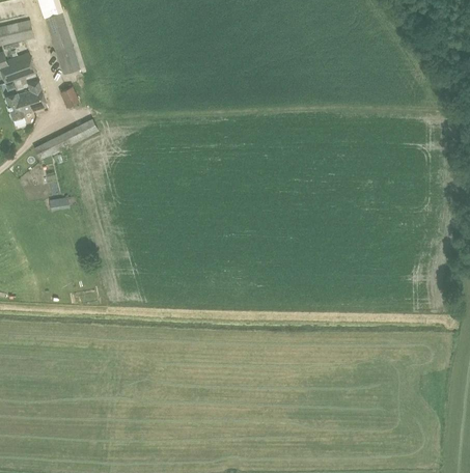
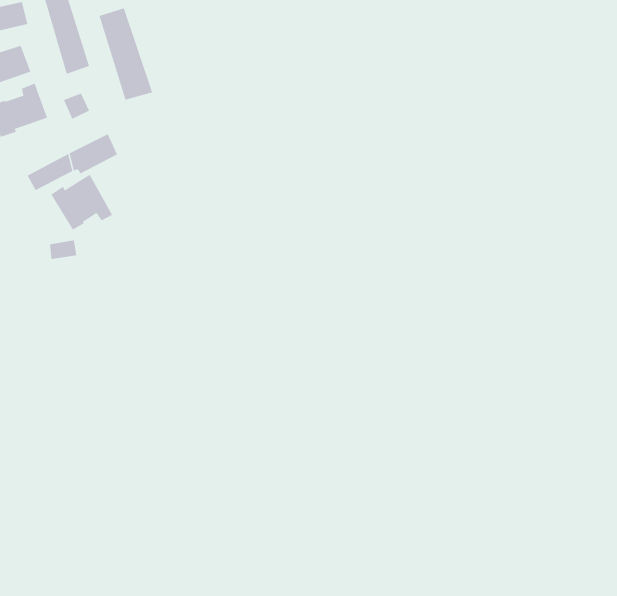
building: none -> [99,7,153,100]
building: none -> [51,174,113,231]

